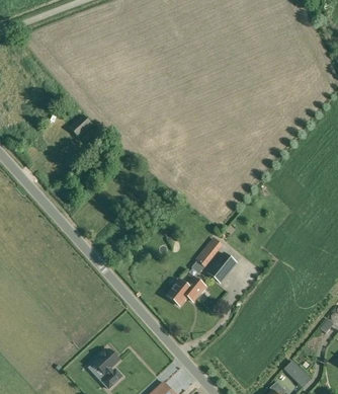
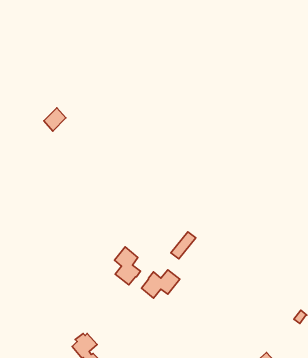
building: [208,253,237,283] -> none
building: none -> [114,247,141,285]

